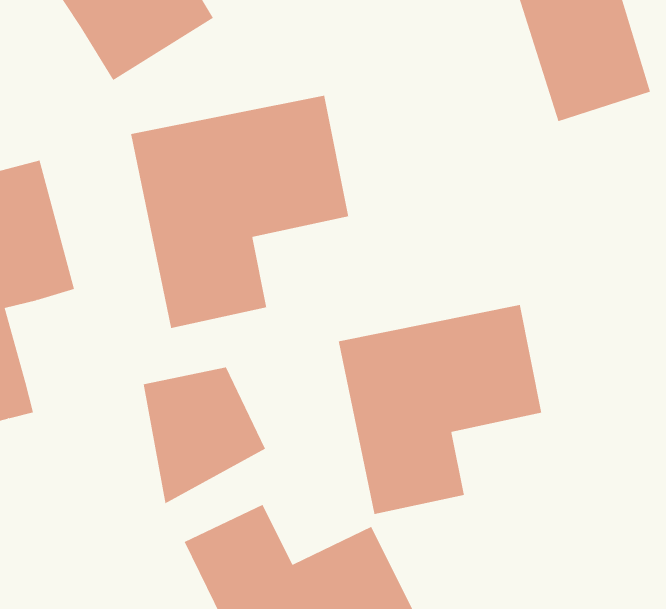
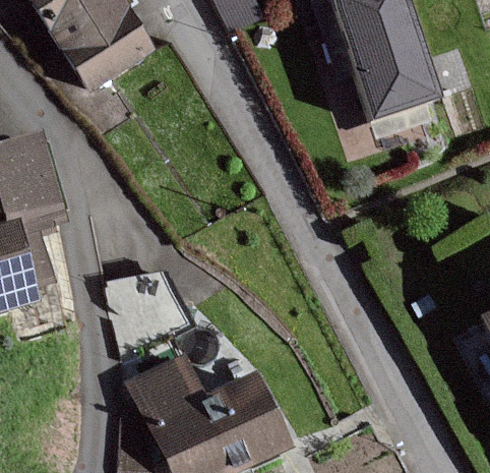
building: [130,95,349,329] -> none
building: [338,304,542,515] -> none

